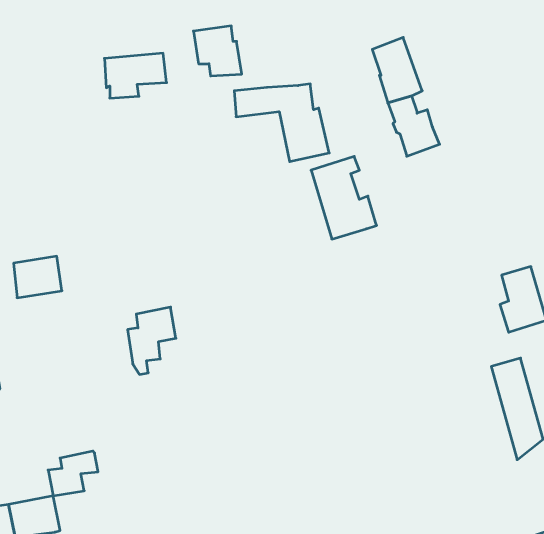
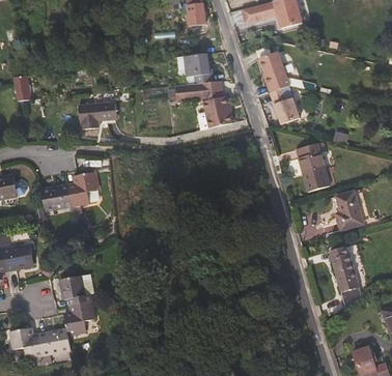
building: [193,26,242,76] -> [185,53,214,83]
building: [104,53,167,98] -> [80,102,117,128]
building: [311,156,377,239] -> [296,141,335,191]
building: [128,307,176,374] -> [68,171,97,211]
building: none -> [60,273,93,306]

